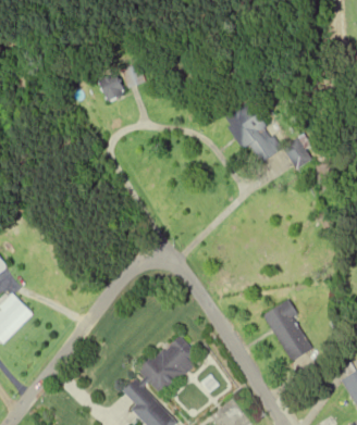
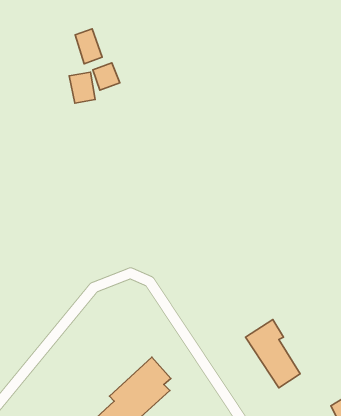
building: none -> [75,29,102,64]
building: [230,101,313,170] -> none

